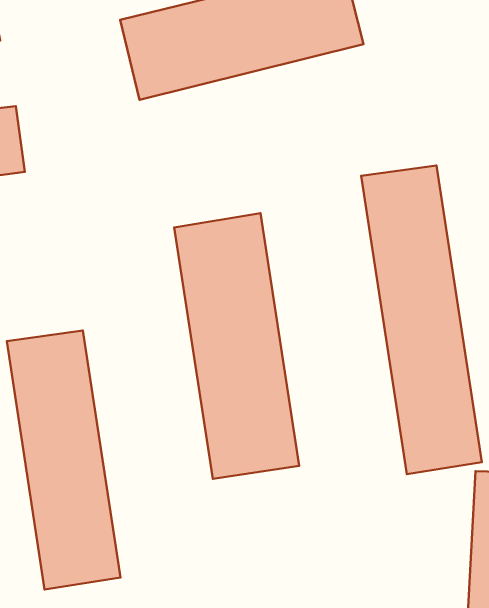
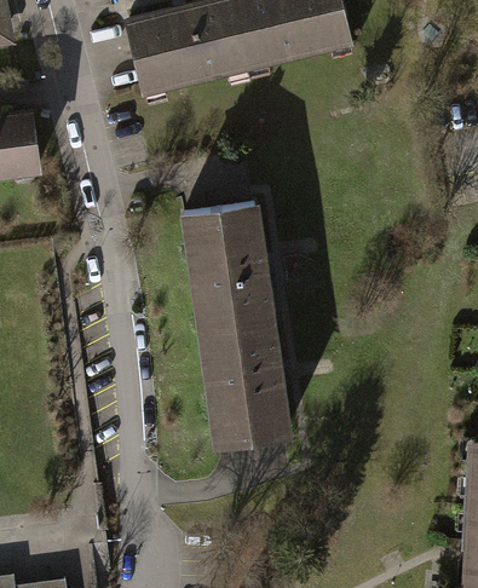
building: [361,165,482,474] -> none
building: [7,331,120,590] -> none

